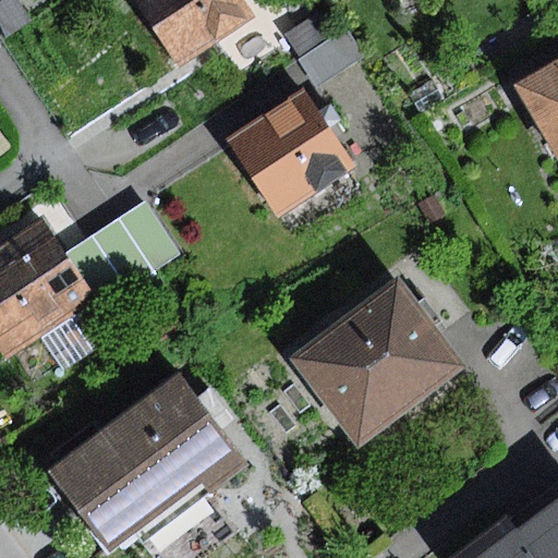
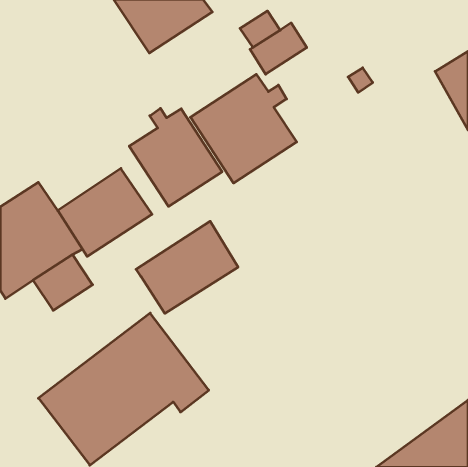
building: none -> [129,108,222,206]
building: none -> [136,221,238,313]
building: [294,281,463,444] -> none

